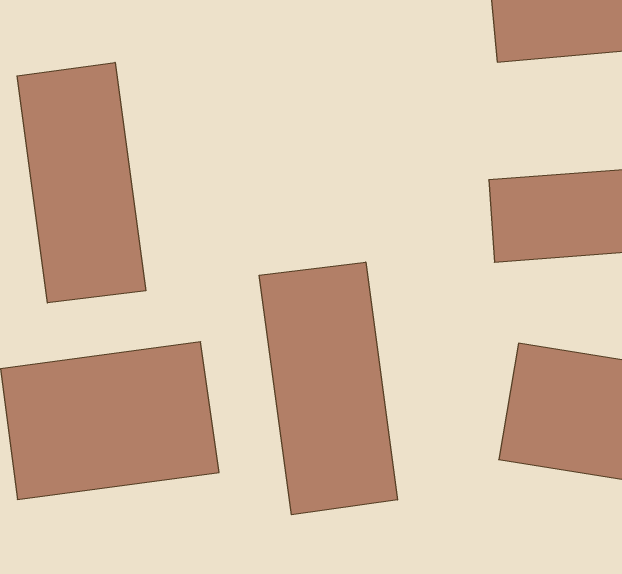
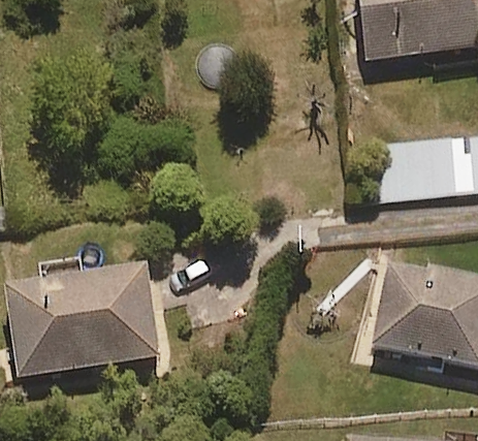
building: [17,62,146,303] -> none
building: [259,262,397,515] -> none

